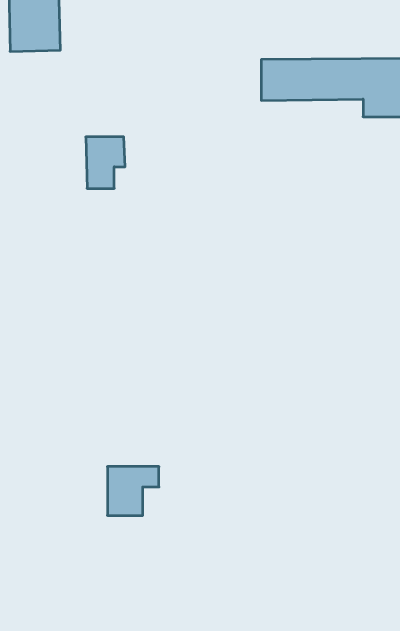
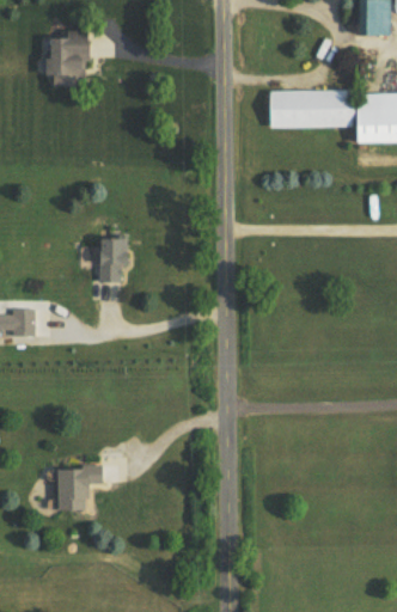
building: [86,137,125,188] -> [97,235,132,281]
building: [107,467,159,515] -> [57,466,103,509]

